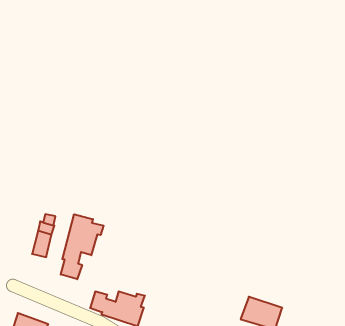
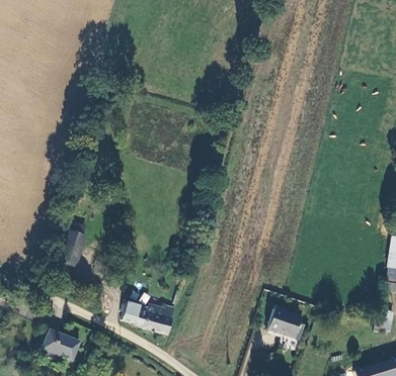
building: [61,214,104,279] -> none

